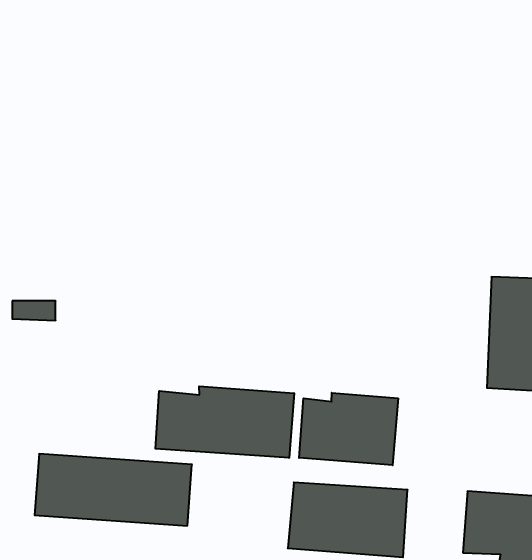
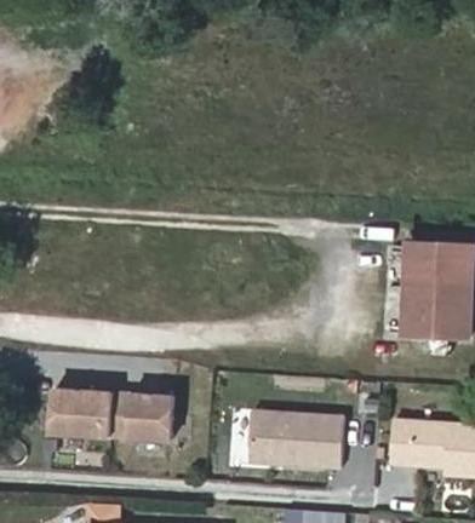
building: [155,386,294,458] -> none
building: [299,393,398,465] -> none

